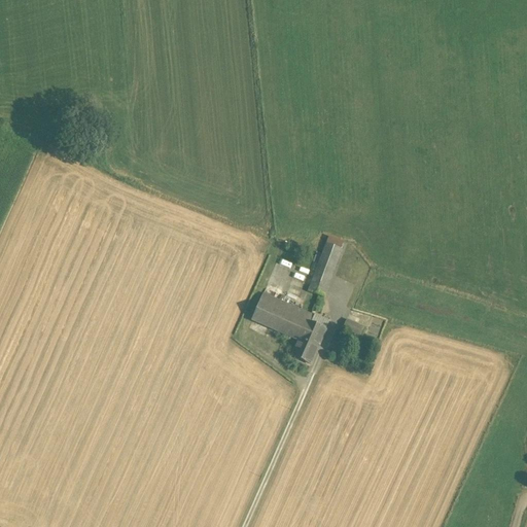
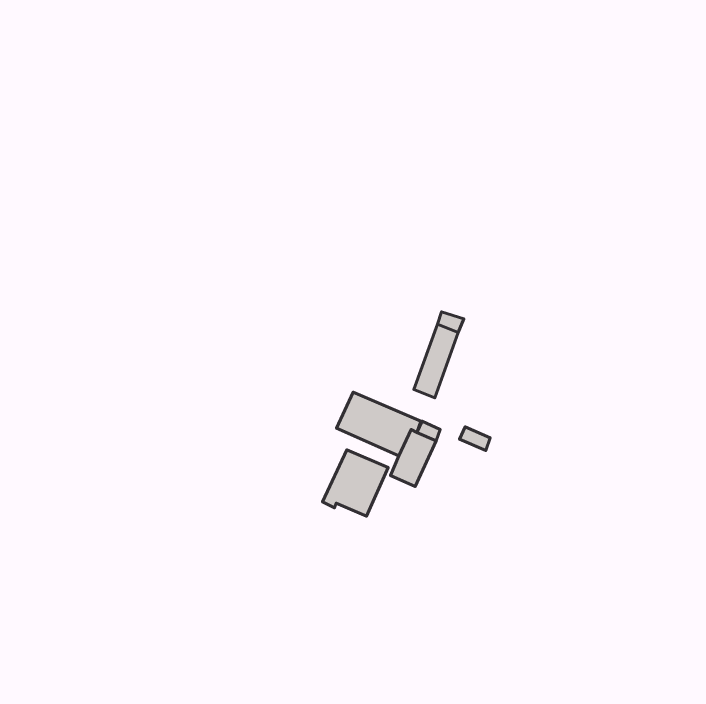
building: none -> [323,450,388,516]

